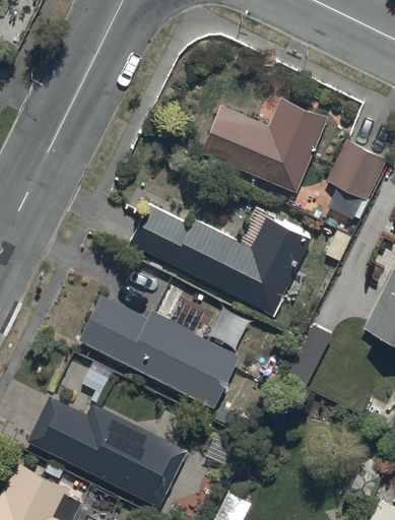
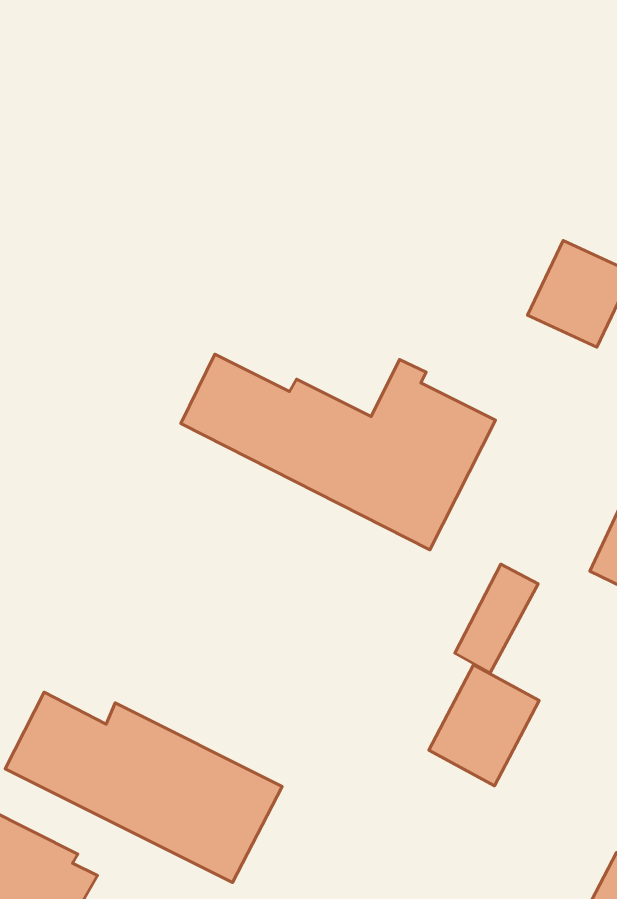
building: [199,99,328,193] -> none
building: [78,296,240,409] -> none
building: none -> [429,665,539,786]

